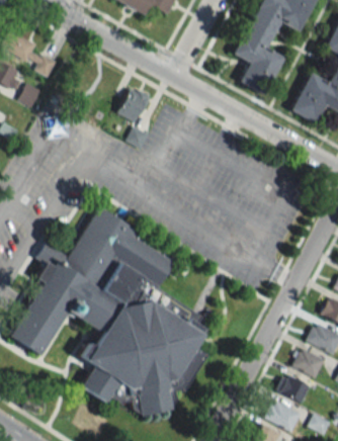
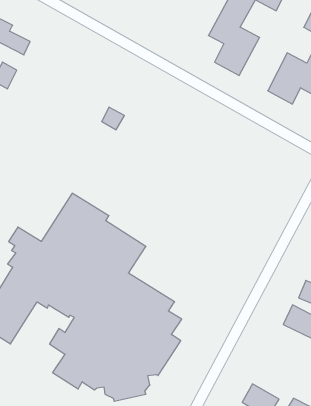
building: [117,85,152,122] -> none
building: [290,346,327,377] -> none
building: [276,372,312,403] -> none

